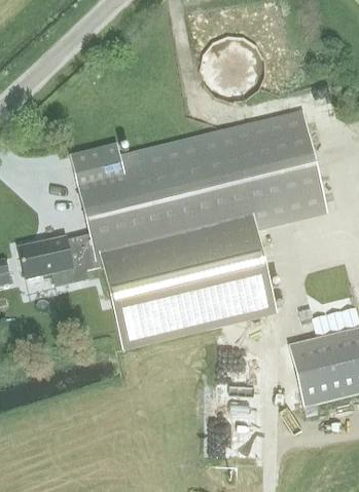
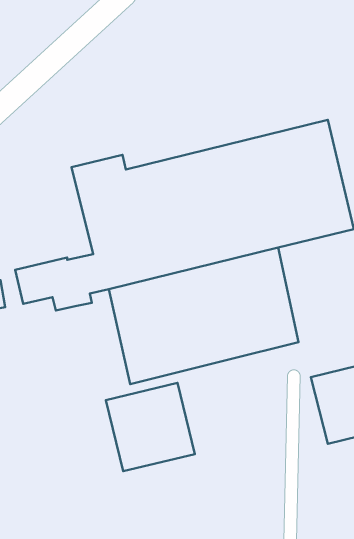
building: none -> [106,383,195,471]

